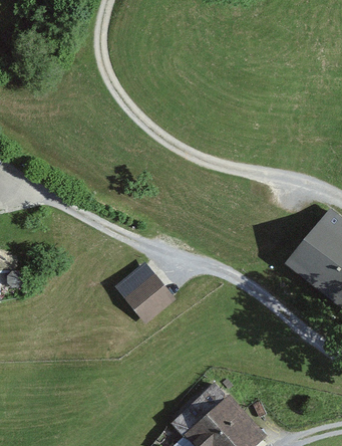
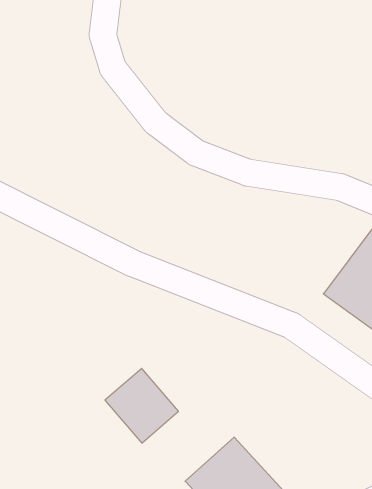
building: [115,261,176,322] -> [105,368,178,443]

